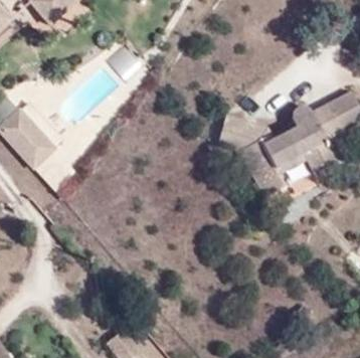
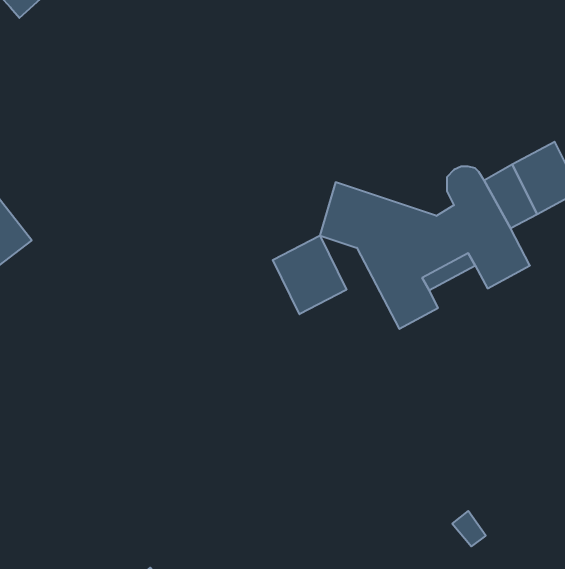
building: none -> [273,235,346,314]

